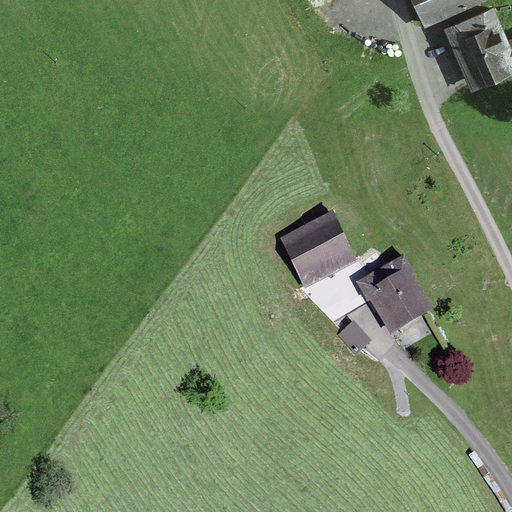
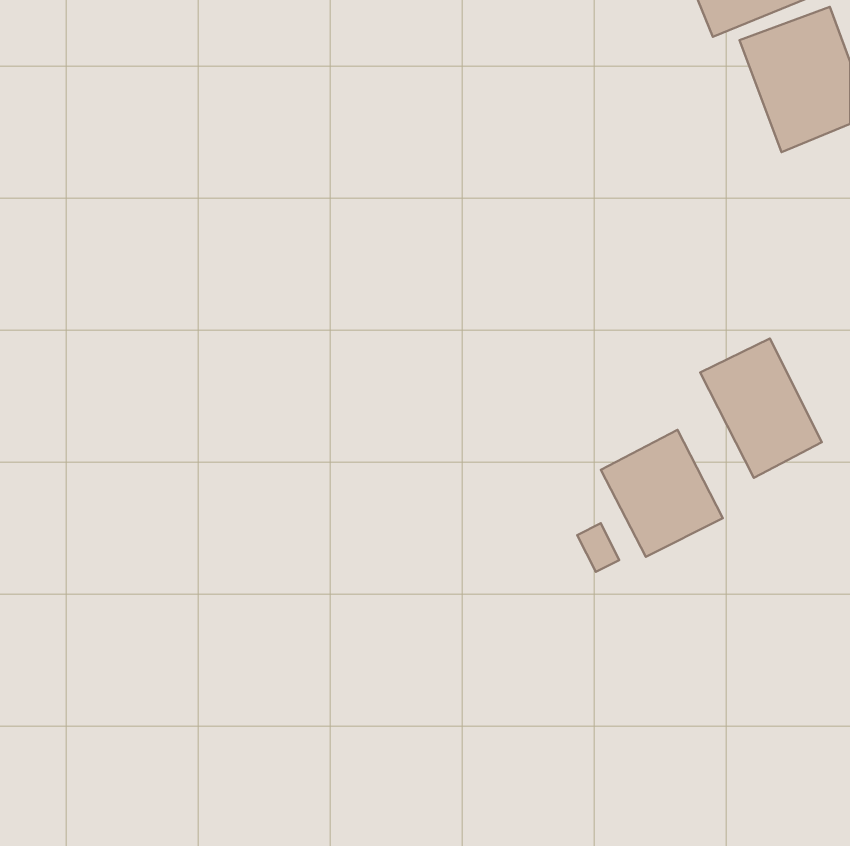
building: none -> [700,338,822,478]
building: [281,216,357,288] -> none

